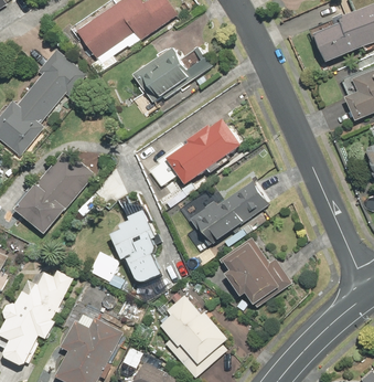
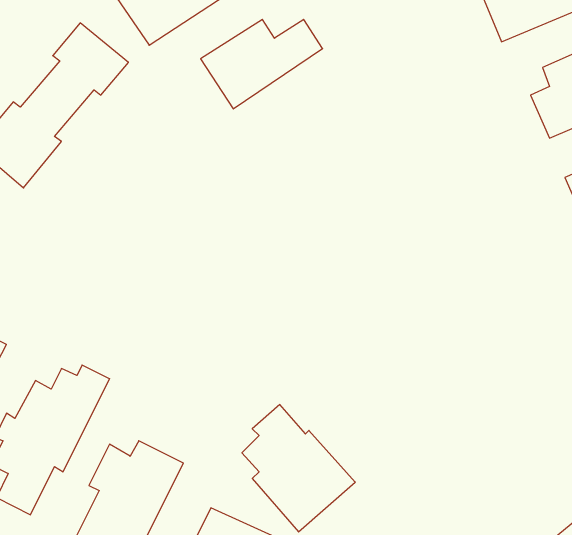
building: [167,119,239,183] -> none
building: [13,149,94,233] -> none
building: [191,178,267,245] -> none
building: [109,210,160,283] -> none
building: [217,237,290,308] -> none

